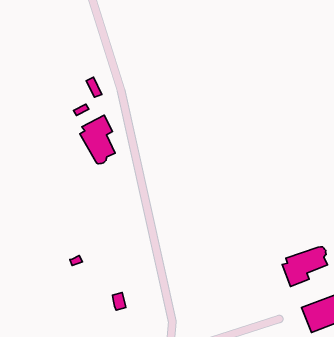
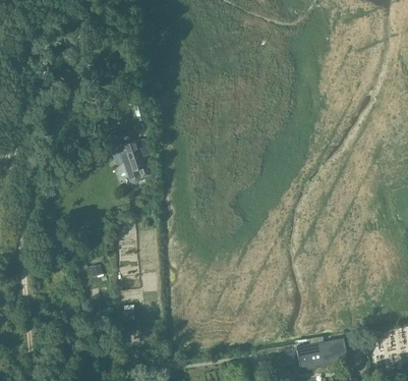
building: [282,247,327,286] -> none

